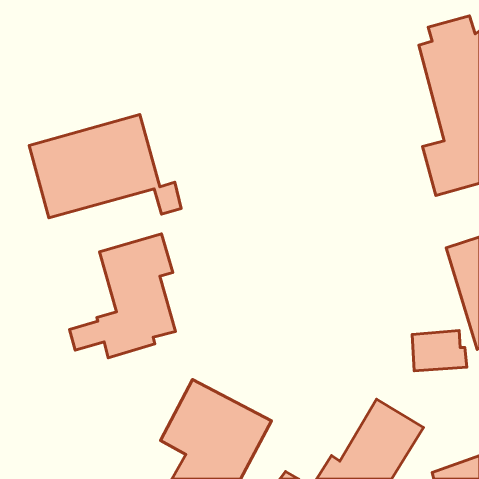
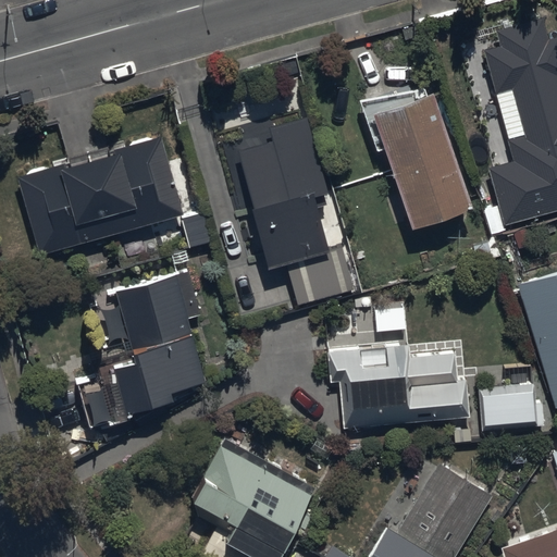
building: none -> [370,88,471,231]
building: none -> [237,119,355,308]
building: none -> [326,344,469,428]

